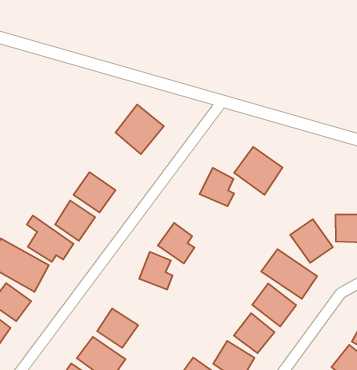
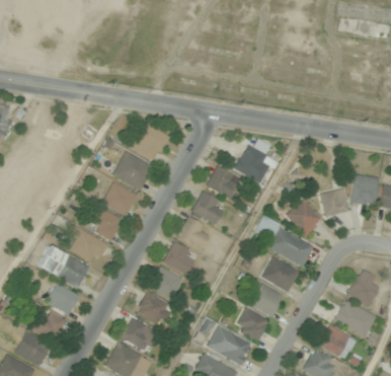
building: none -> [113,152,153,190]
building: none -> [192,192,226,224]
building: none -> [150,267,183,298]

